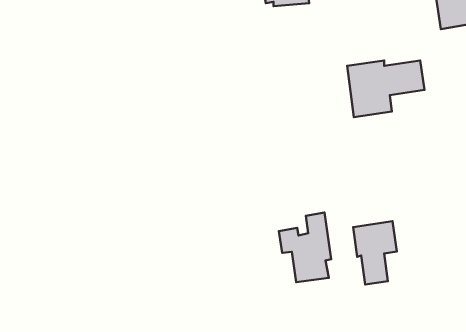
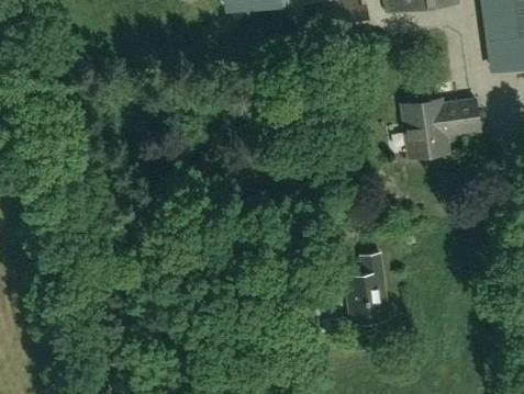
building: [353,221,397,284] -> none

